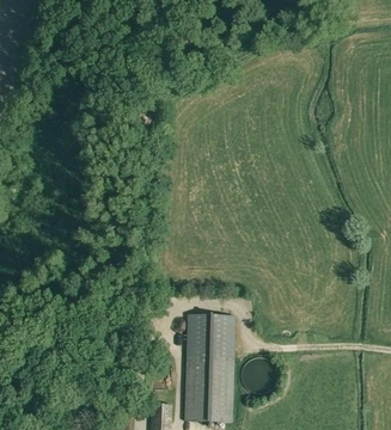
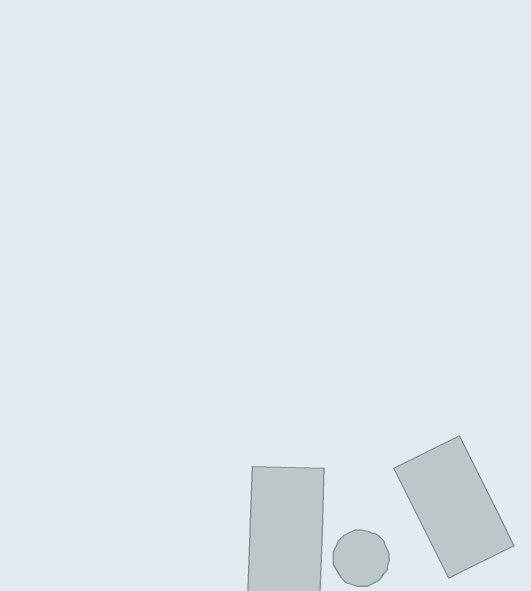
building: none -> [394,436,514,578]

